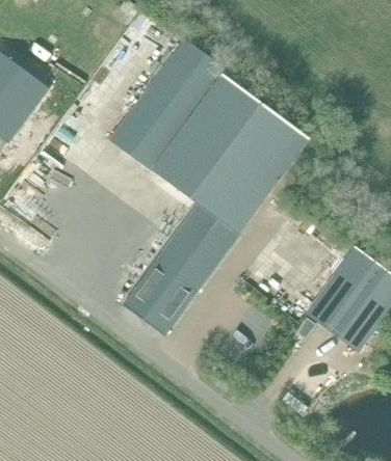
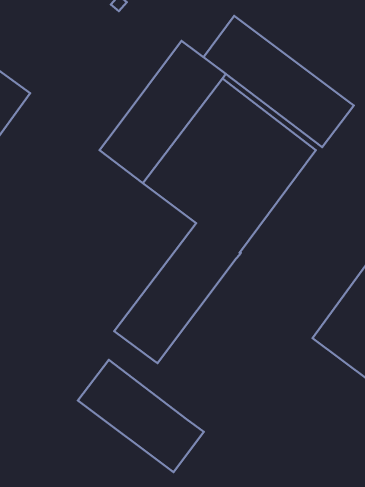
building: none -> [203,16,354,147]
building: none -> [78,360,204,472]

